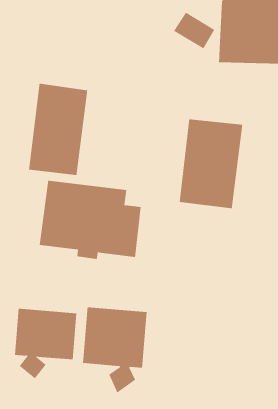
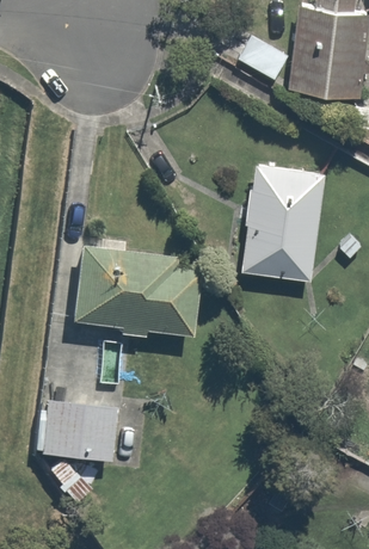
building: [29,83,88,176] -> none
building: [83,306,147,394] -> none

